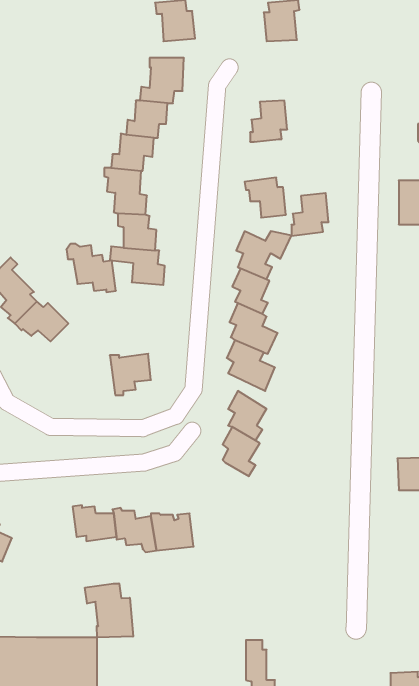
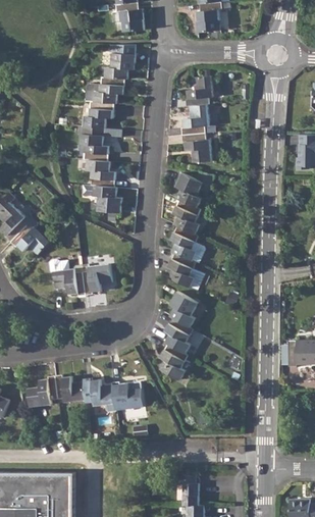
building: [291,193,329,236] -> [182,104,210,136]
building: [66,244,116,292] -> [50,259,87,295]
building: none -> [161,344,189,379]
building: none -> [29,376,58,406]
building: [85,583,133,637] -> none

